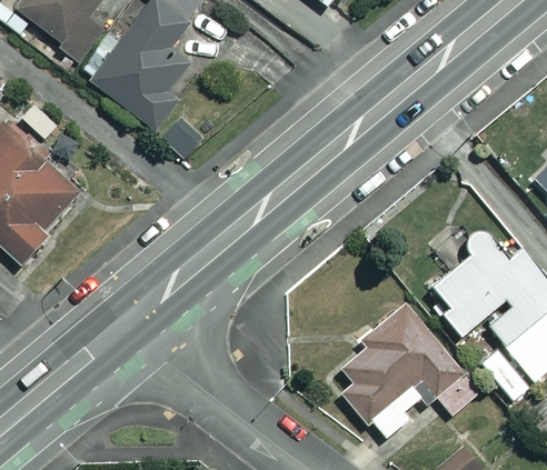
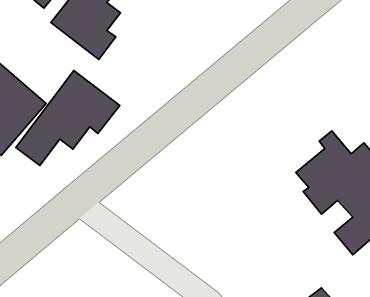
building: none -> [16,70,120,166]
building: [339,303,479,437] -> none

